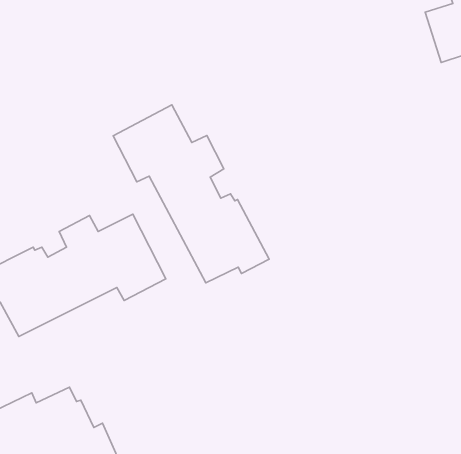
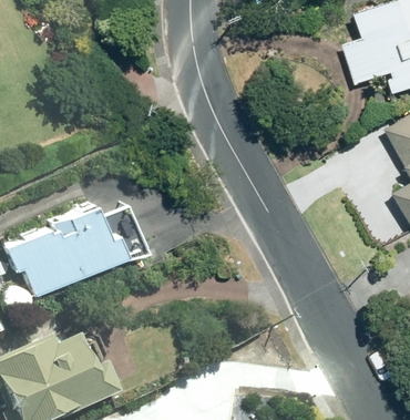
building: [113,105,269,283] -> none

